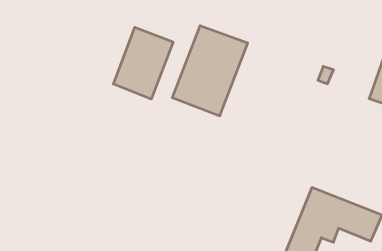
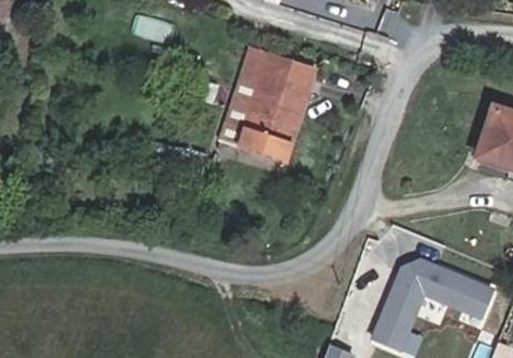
building: [113,27,173,99] -> none

